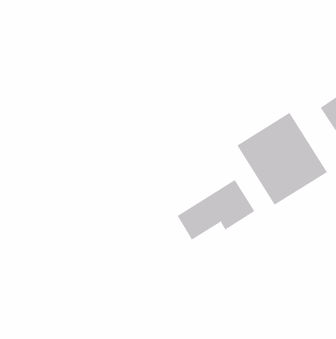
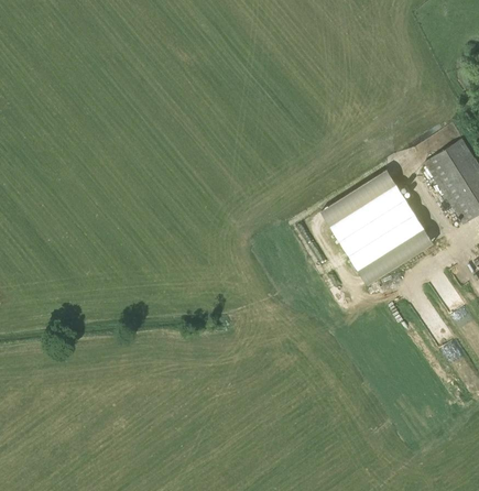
building: [177,179,255,240] -> none

